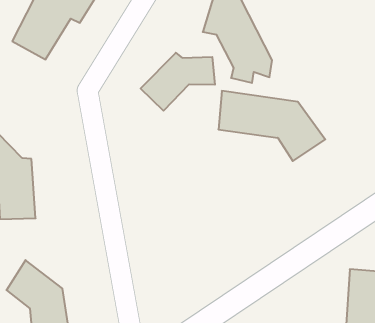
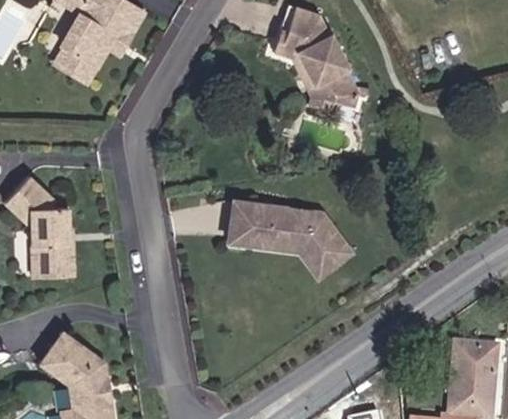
building: [141,53,215,111] -> none
building: [218,91,325,161] -> [228,198,356,282]

